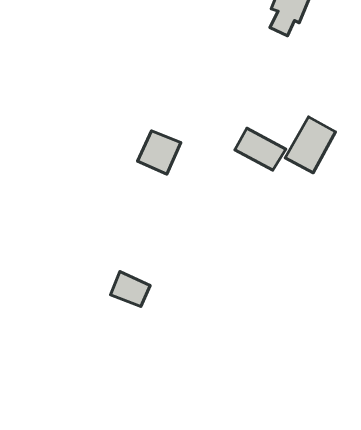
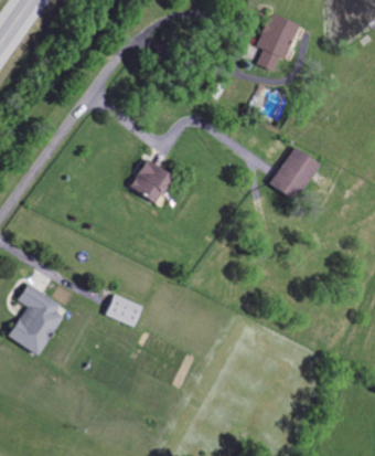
building: [235,128,286,170] -> none
building: none -> [8,283,64,357]

